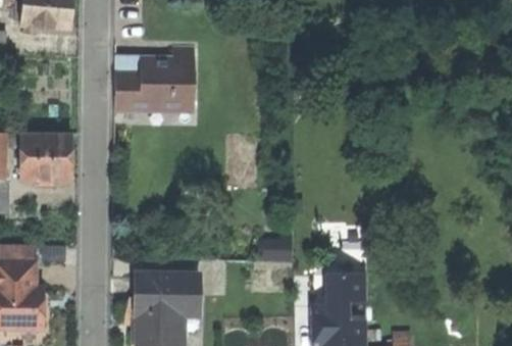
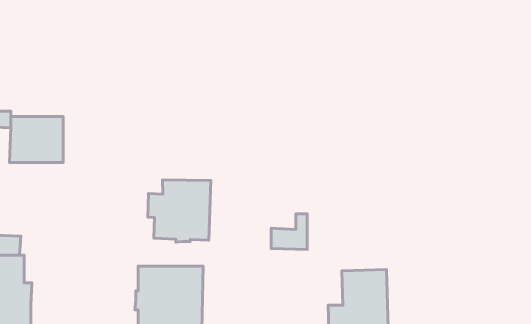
building: [115,45,194,105] -> none
building: none -> [148,180,211,242]

